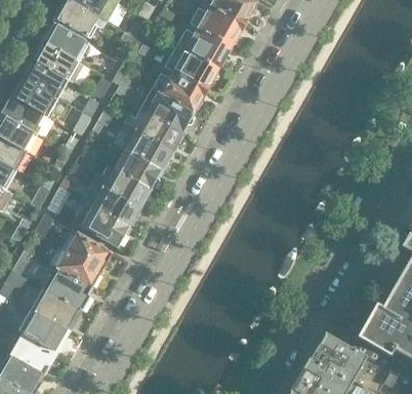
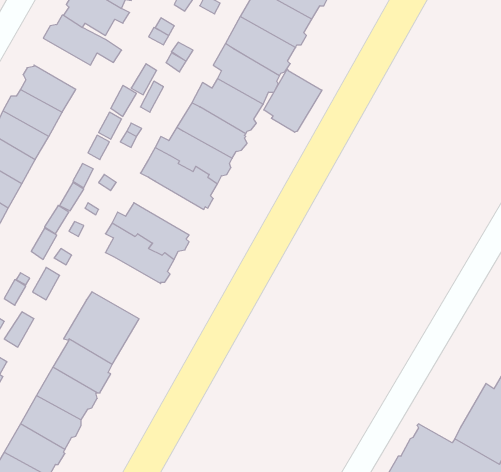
building: [32,40,75,79] -> none
building: none -> [264,69,322,132]
building: [108,146,161,190] -> none
building: [75,203,128,247] -> none

